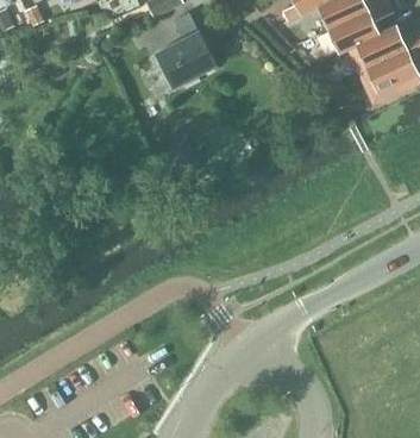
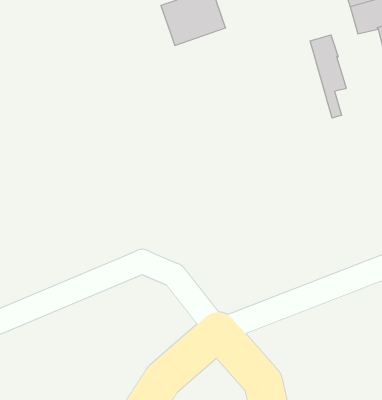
building: none -> [310,35,346,118]

